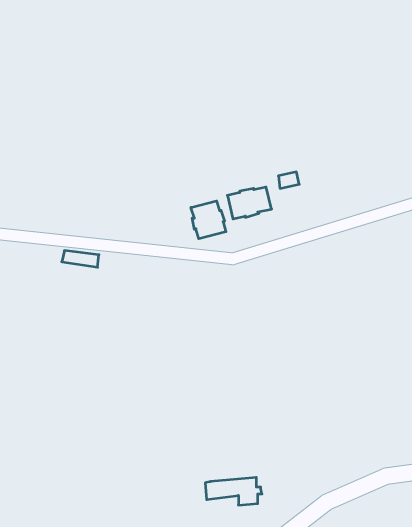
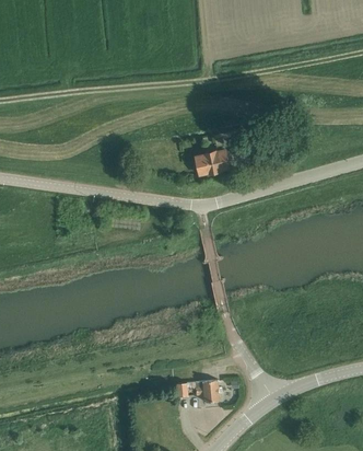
building: [191,201,226,239] -> none

